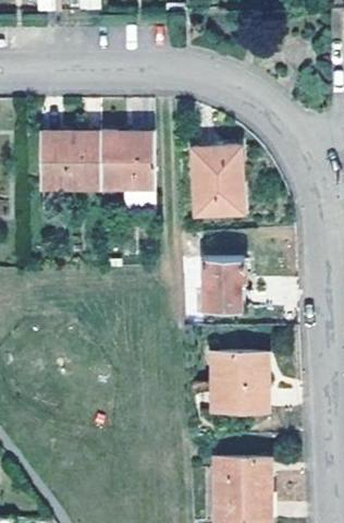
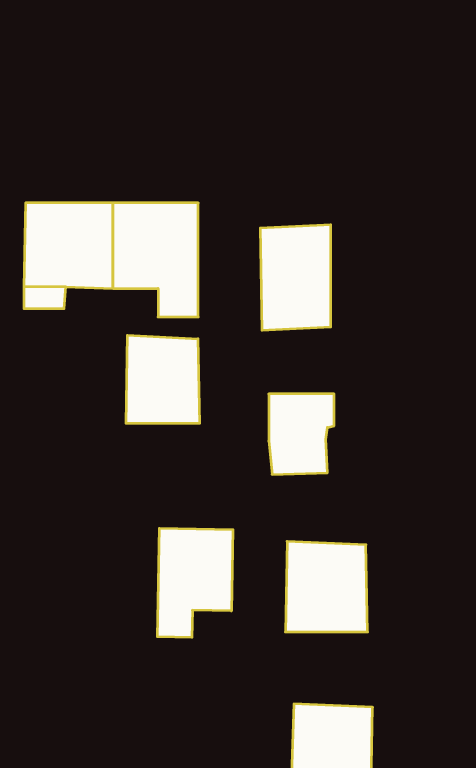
building: none -> [126,335,200,423]
building: none -> [157,528,233,637]

